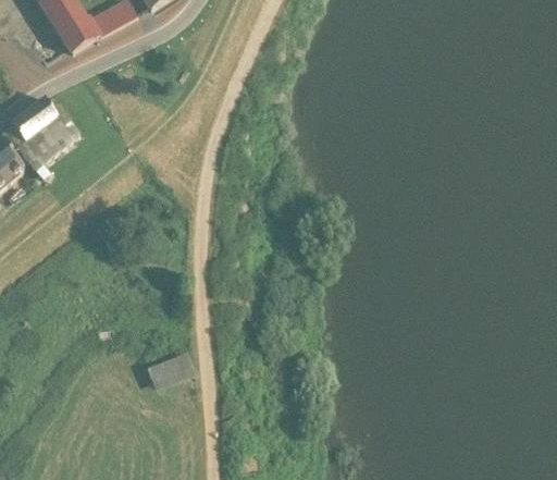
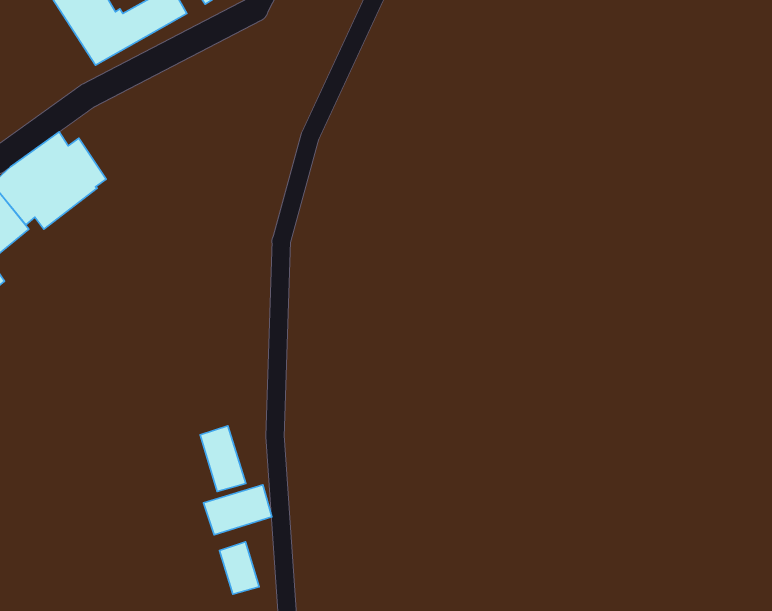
building: none -> [200,426,246,492]
building: none -> [220,542,259,594]

